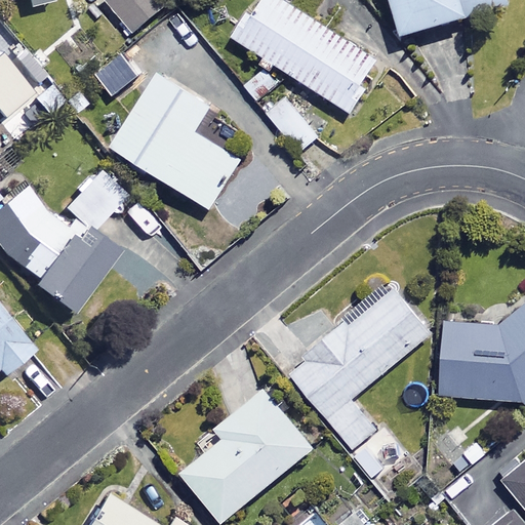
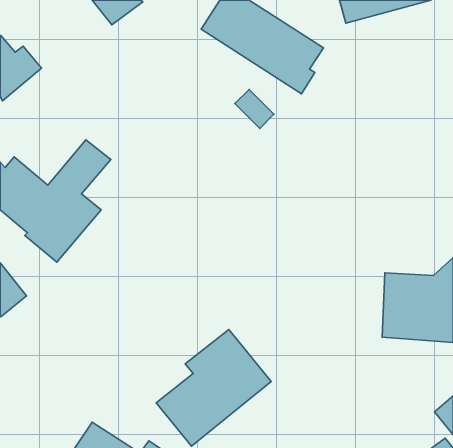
building: [110,70,240,208] -> none
building: [289,287,435,450] -> none

